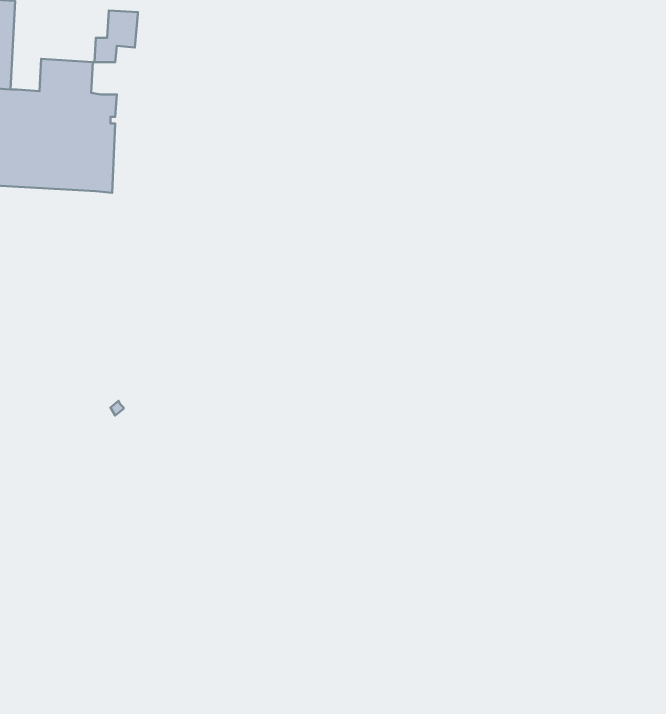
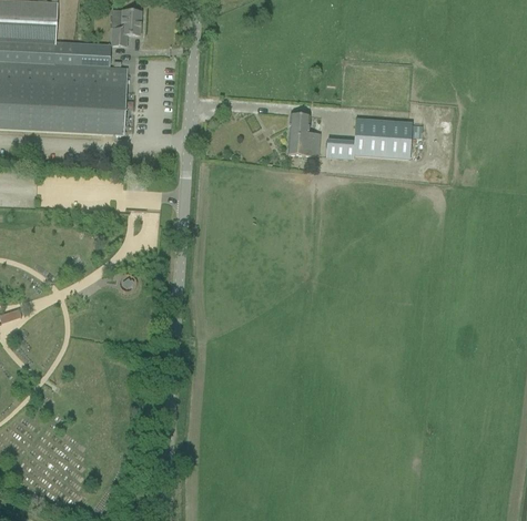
building: none -> [286,113,318,156]
building: none -> [325,118,411,159]

